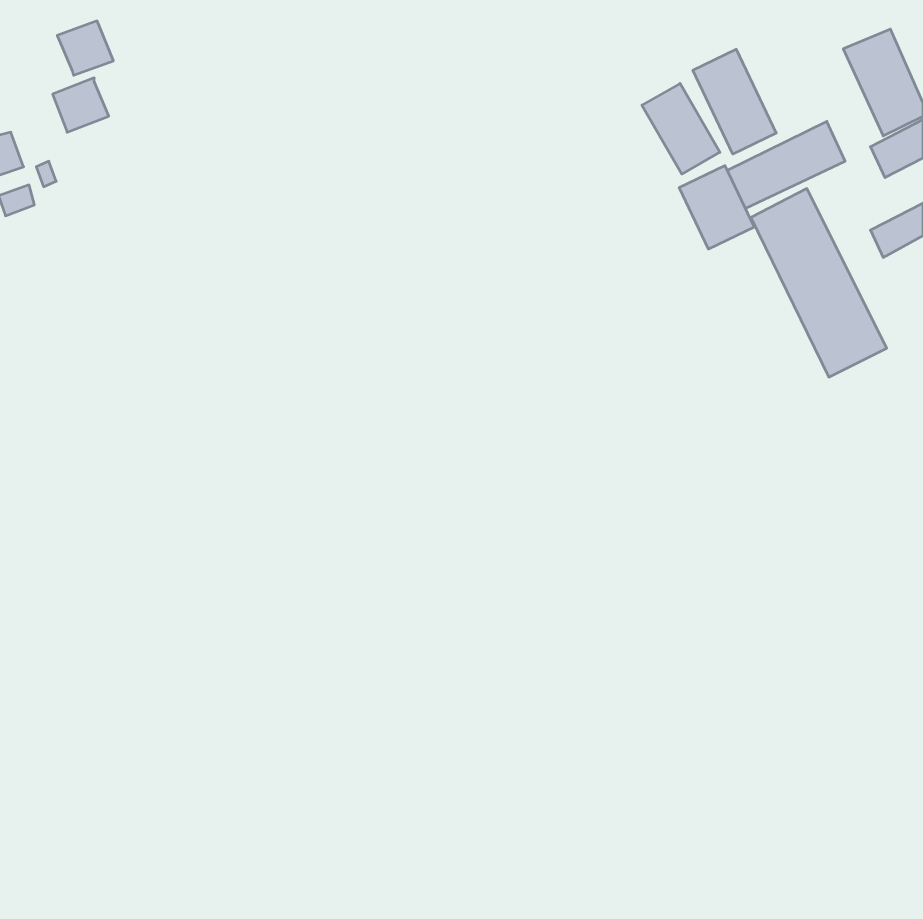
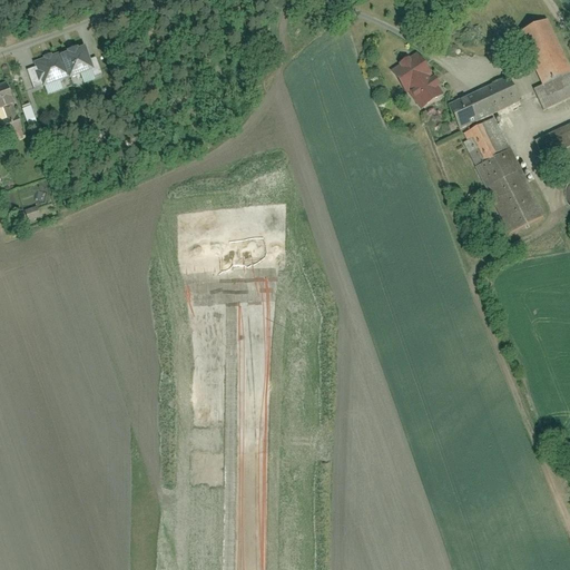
building: [57,21,113,75] -> [58,41,92,75]
building: [693,49,776,154] -> none
building: [679,166,754,249] -> none

